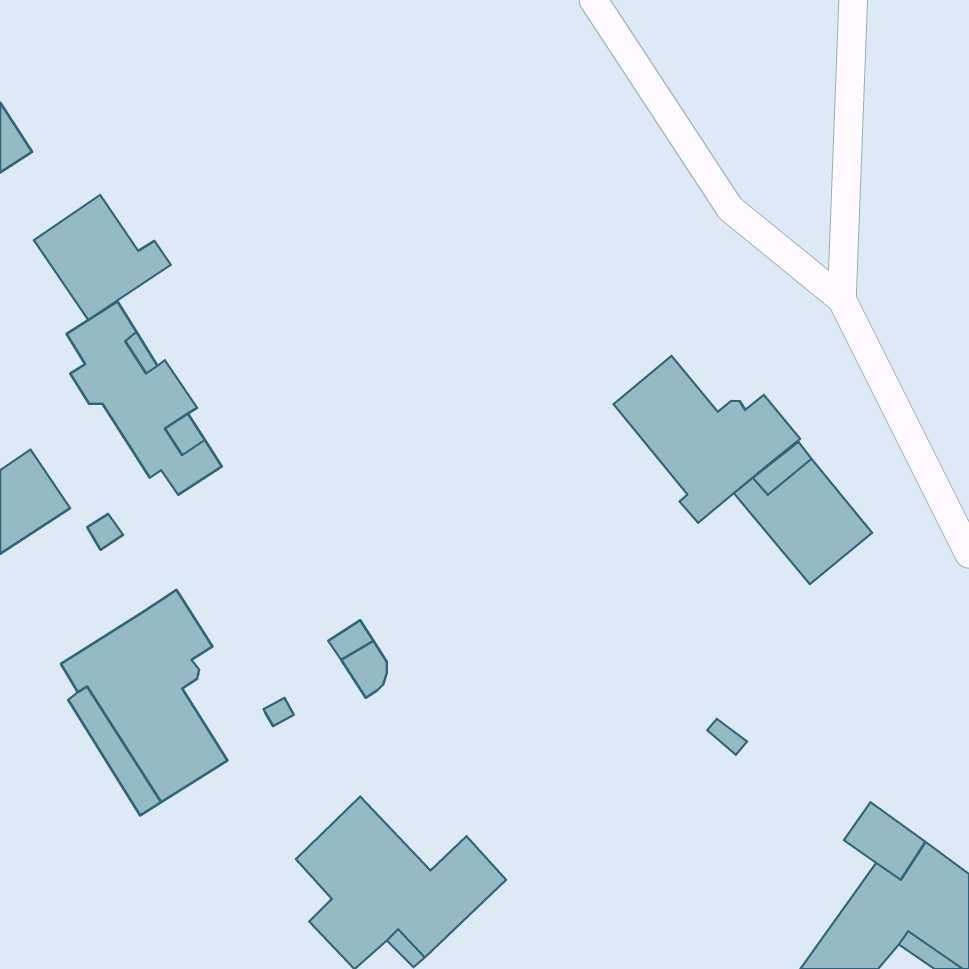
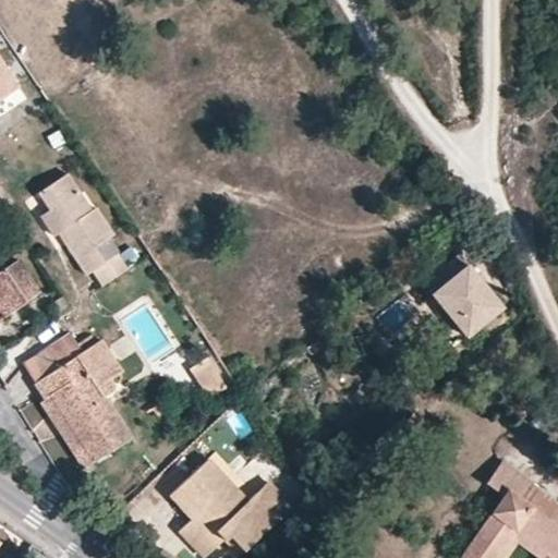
building: [34,195,171,320] -> none
building: [613,356,800,523] -> none
building: none -> [23,333,82,381]

